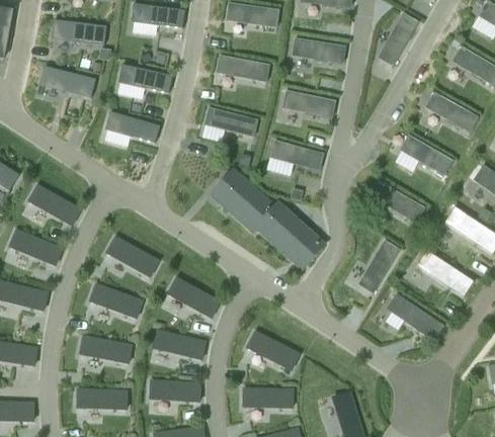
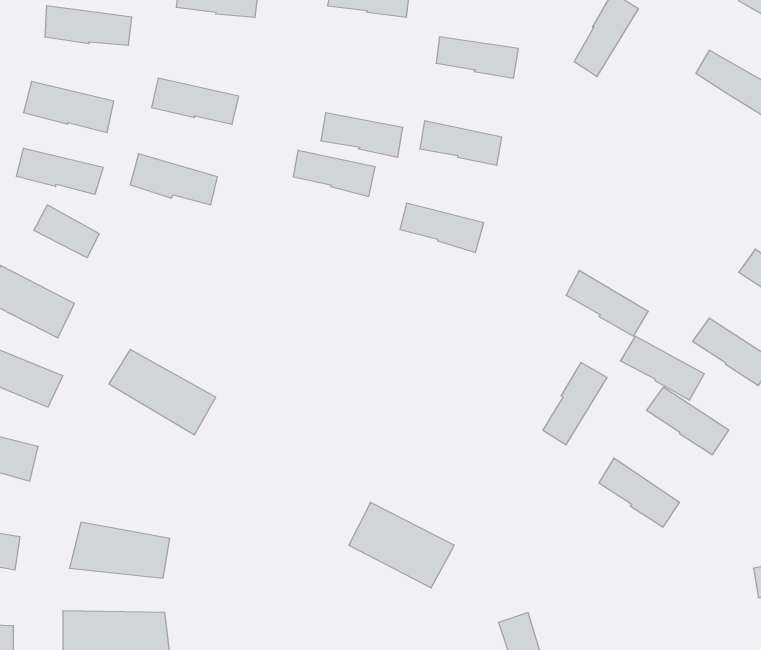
building: [218,55,268,82] -> [321,113,403,157]
building: [426,92,477,132] -> none
building: none -> [16,148,103,194]
building: [401,136,452,175] -> [620,336,704,400]
building: none -> [34,205,99,258]
building: [209,168,325,270] -> none
building: [166,276,221,319] -> none
building: [82,283,141,324] -> none
building: [152,328,207,360] -> none
building: [142,378,199,405] -> none
building: [242,386,294,408] -> none

